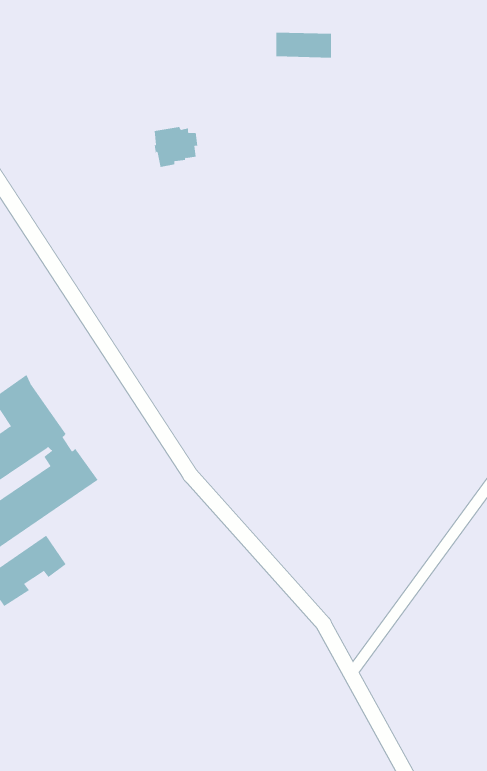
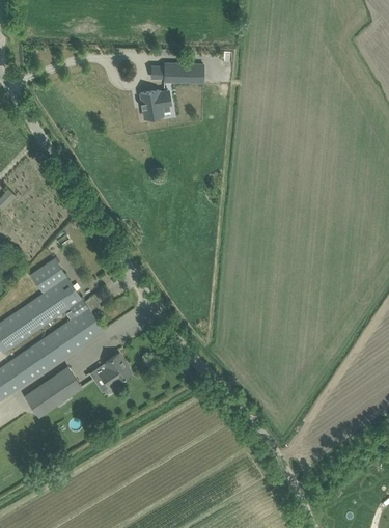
building: [275,32,332,58] -> [164,63,202,81]
building: none -> [96,353,132,389]

